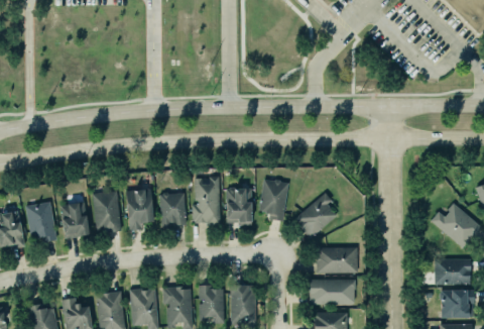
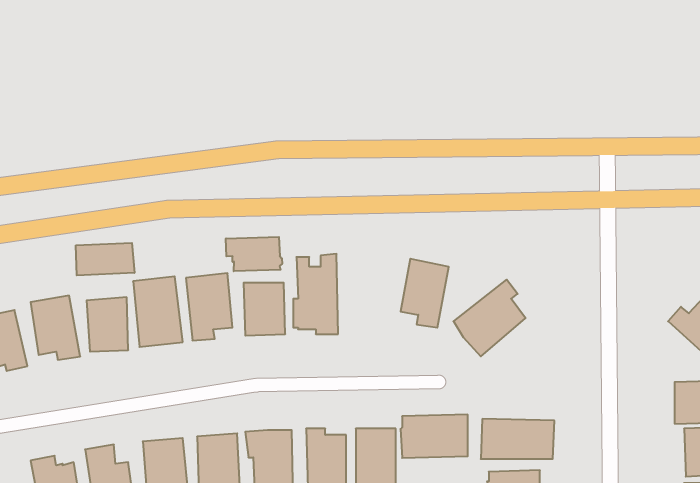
building: none -> [226,237,282,271]
building: none -> [76,243,134,275]
building: [227,189,253,224] -> none
building: [315,246,357,273] -> [400,415,468,458]

